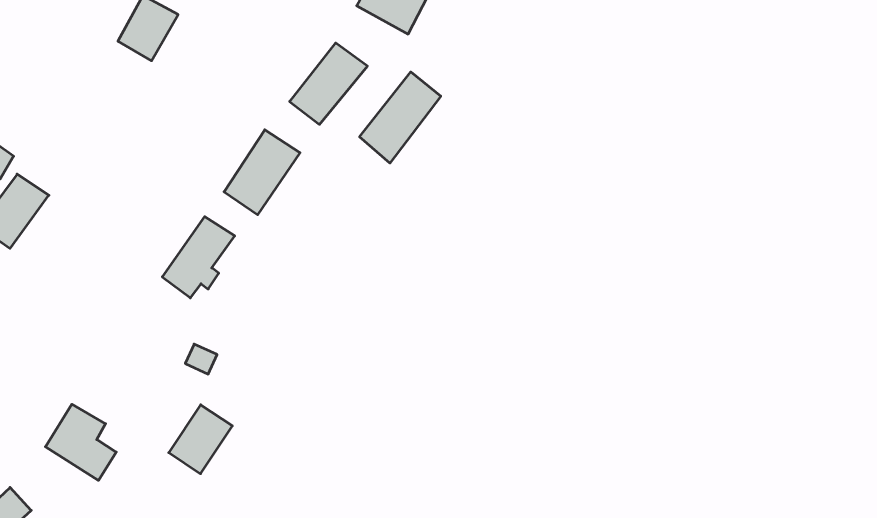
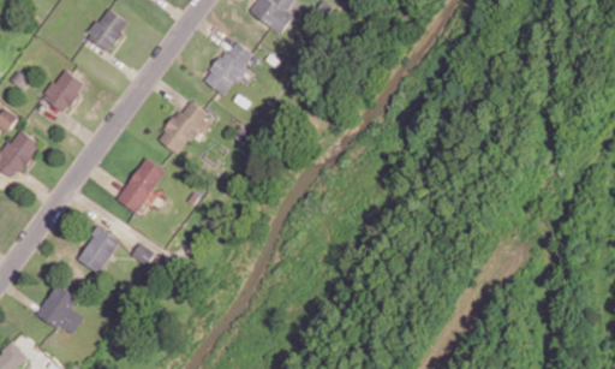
building: [360,72,441,163] -> none
building: none -> [42,69,84,113]
building: [169,405,232,474] -> [77,226,120,273]

